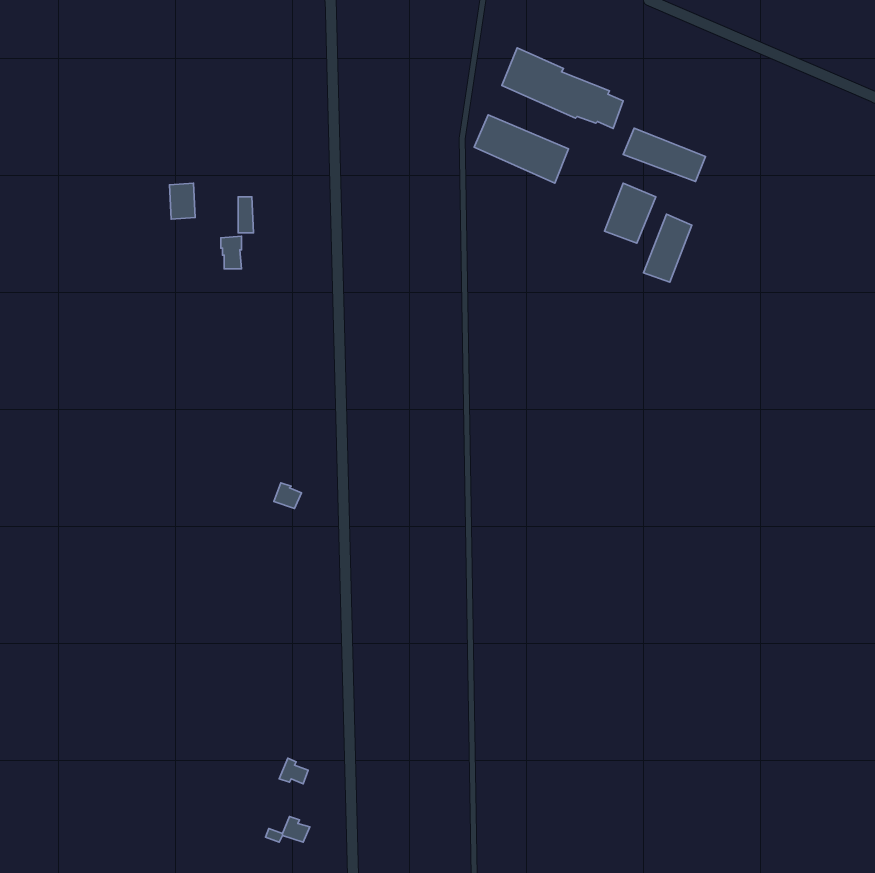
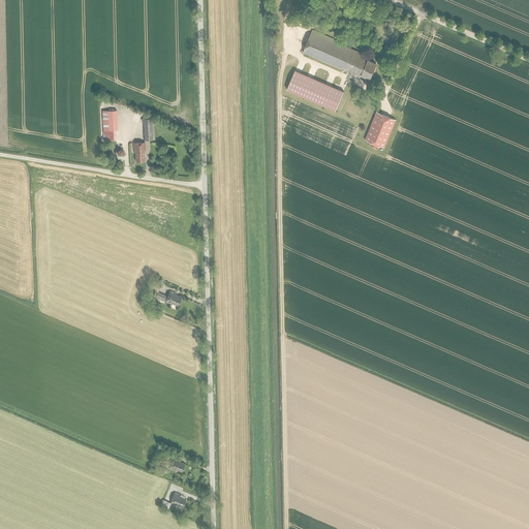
building: [623,128,706,182] -> none
building: [643,214,692,282] -> none

